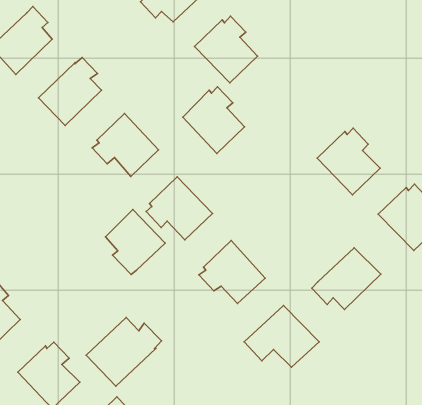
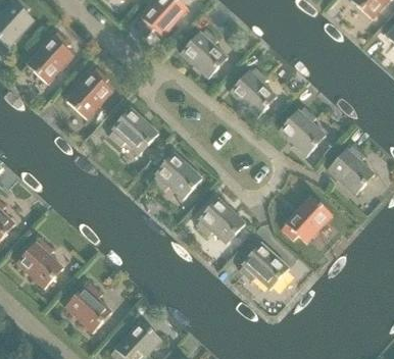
building: [183,87,245,153] -> [230,67,277,117]
building: [105,209,165,274] -> none
building: [86,317,162,386] -> none

